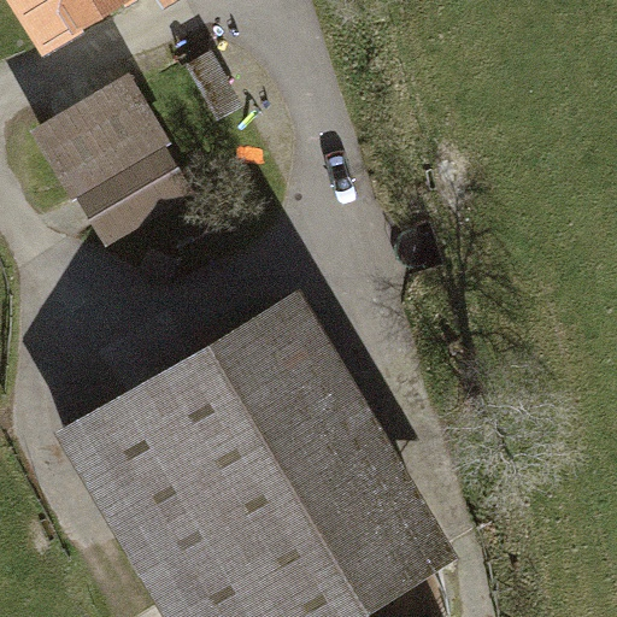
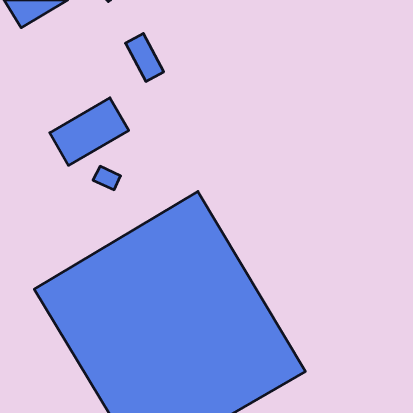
building: [30,75,172,205] -> none

